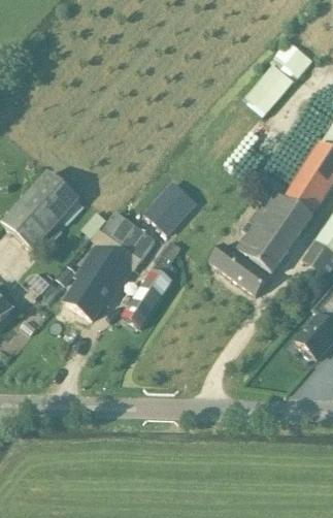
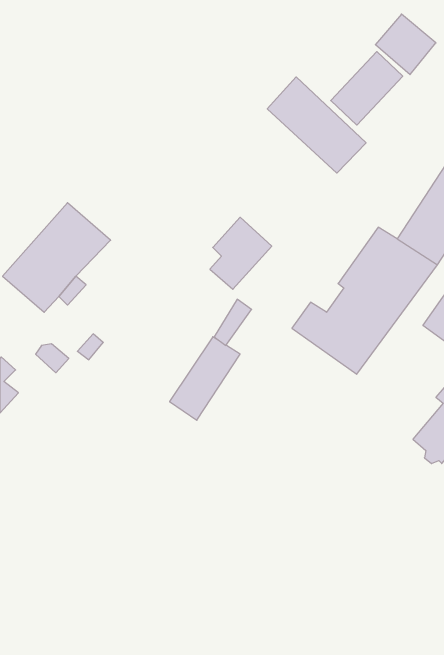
building: none -> [267,77,366,173]
building: [101,209,155,257] -> none
building: [66,244,130,315] -> none

